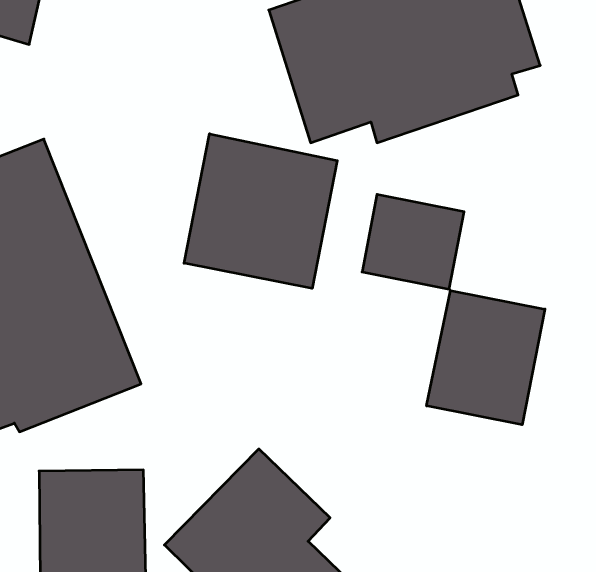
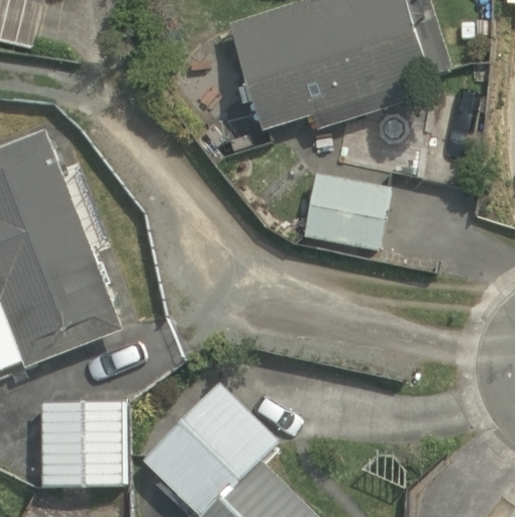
building: [184,134,337,288] -> none
building: [427,290,545,425] -> none

